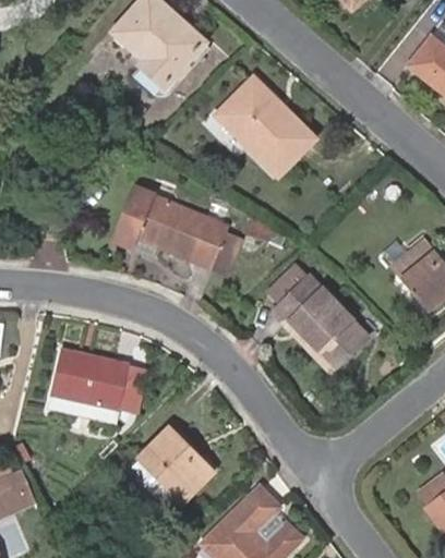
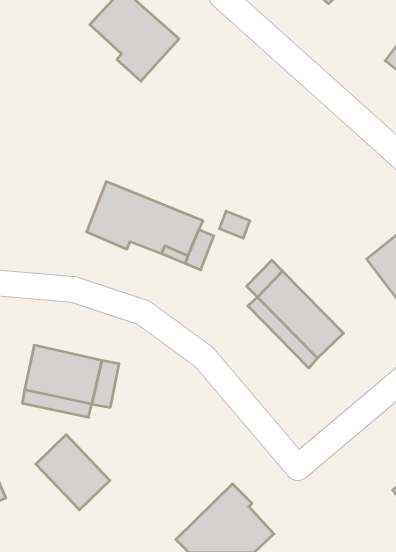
building: [219,77,315,174] -> none
building: [140,427,214,502] -> [36,435,110,510]

